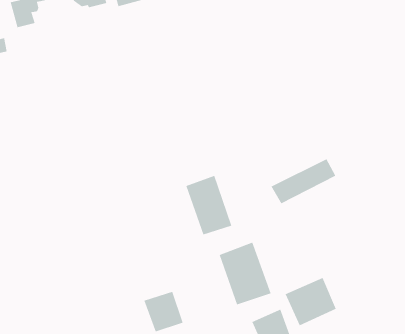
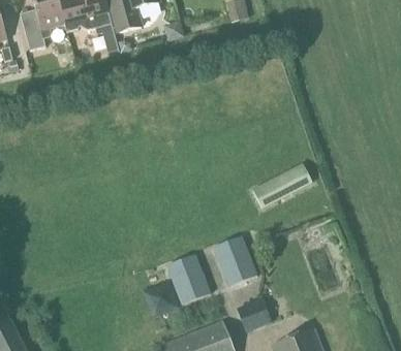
building: [185,175,232,235] -> [165,255,207,308]
building: [285,277,336,326] -> none

